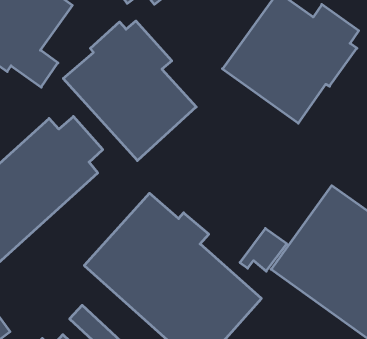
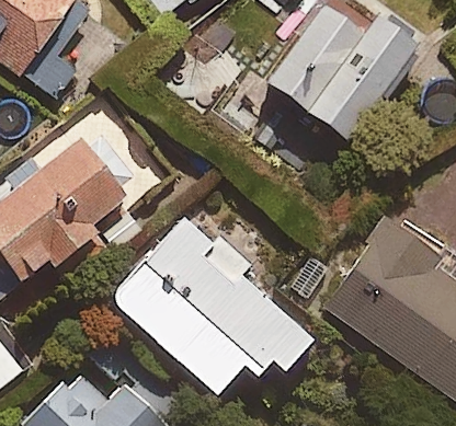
building: [63,21,196,161] -> none

